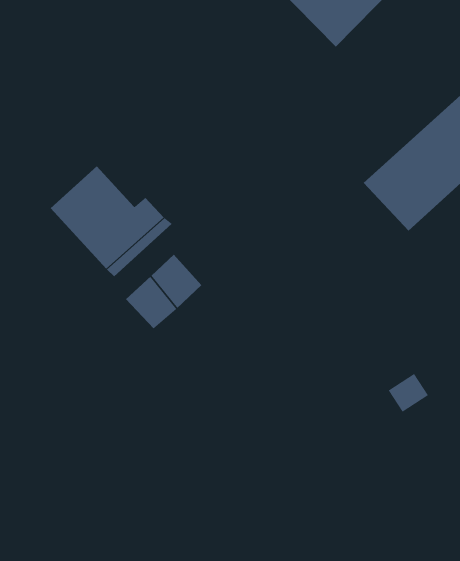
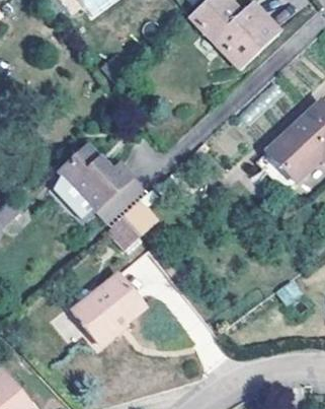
building: none -> [75,274,145,342]

